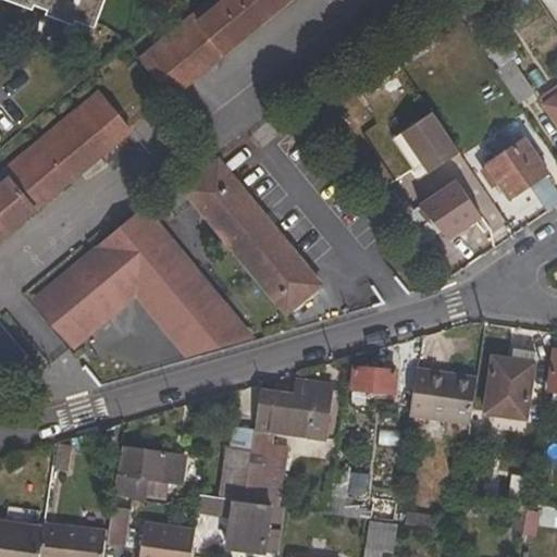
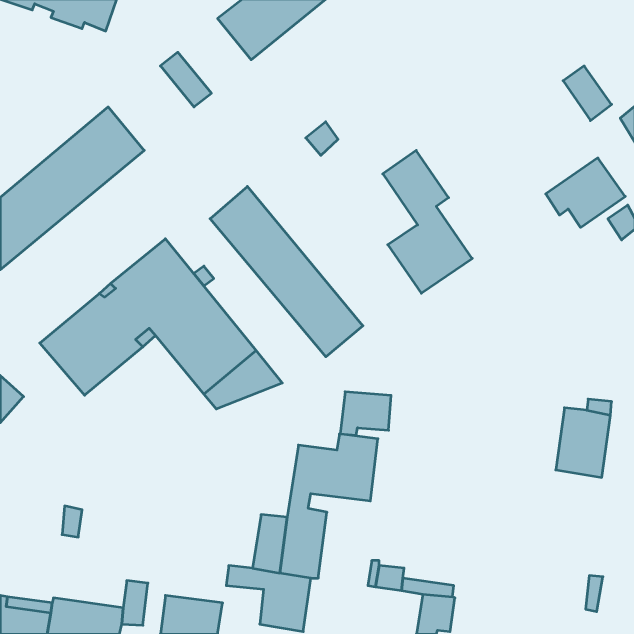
building: [157,16,221,82] -> none
building: [401,112,480,237] -> [383,150,472,293]
building: [352,367,397,405] -> [340,392,391,435]
building: [413,369,478,424] -> none
building: [115,447,185,497] -> none

